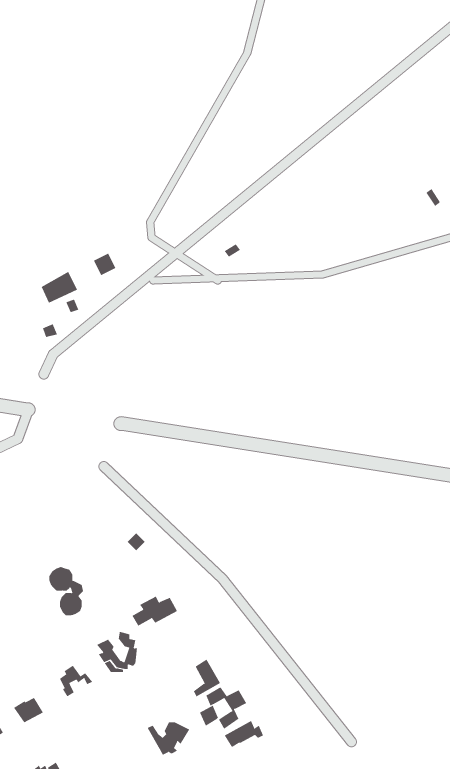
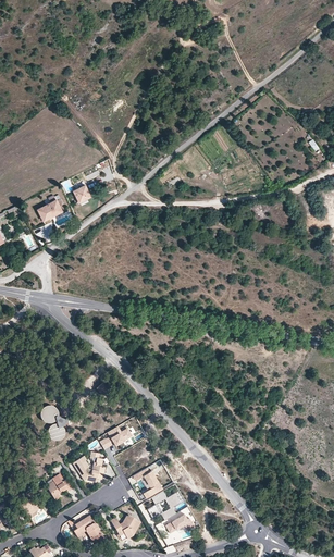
building: none -> [73,515,104,543]

